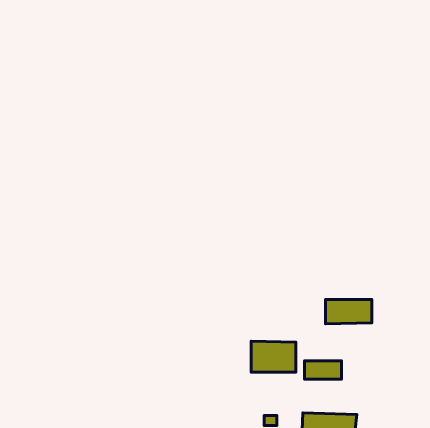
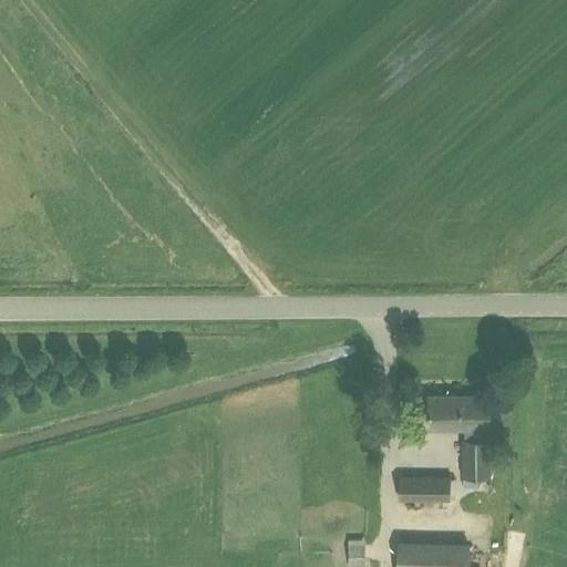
building: none -> [461,440,491,488]
building: [251,341,296,372] -> none

